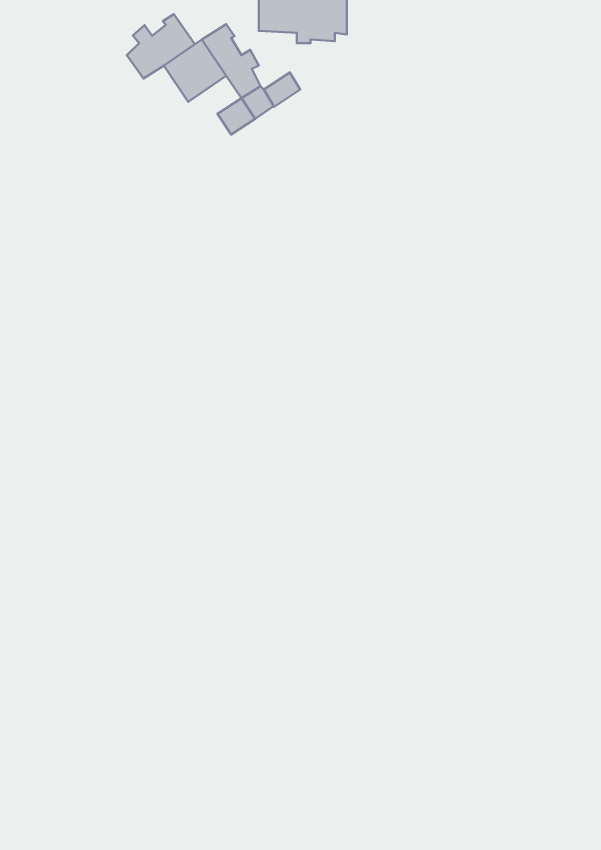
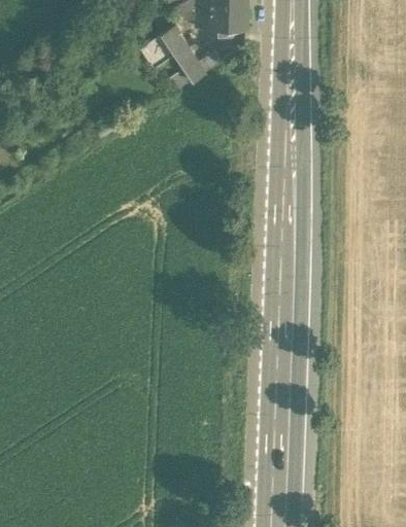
building: [127,14,195,79] -> none

